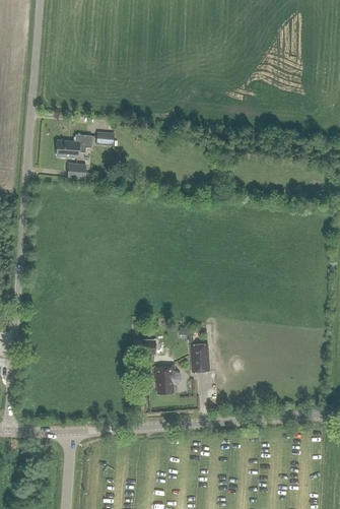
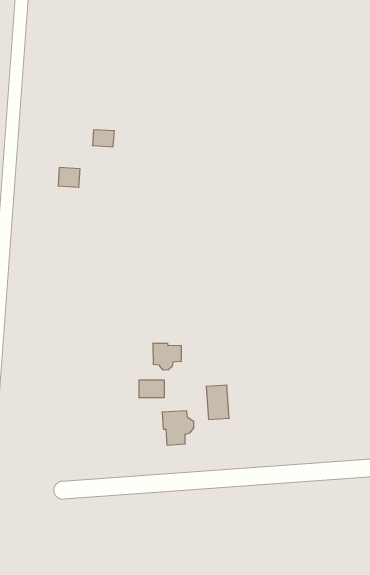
building: [58,133,92,157] -> none
building: none -> [153,343,181,370]

